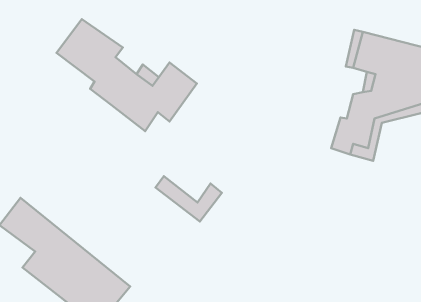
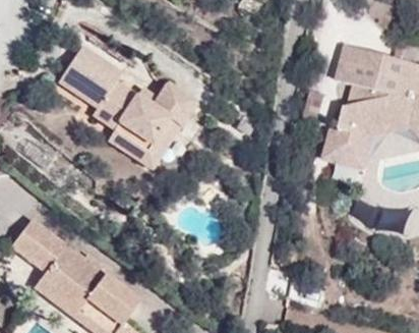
building: [155,176,222,221] -> [104,123,168,167]

